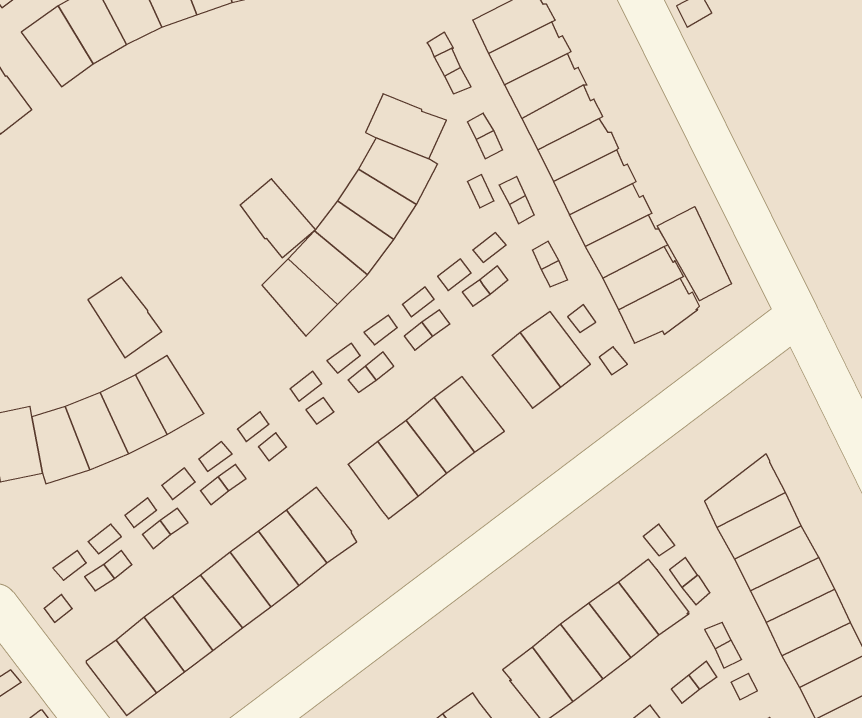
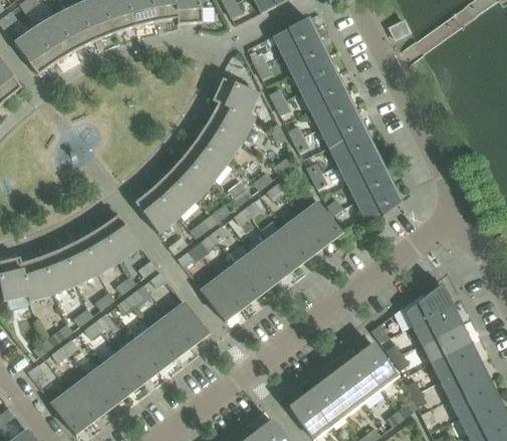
building: [240,179,316,258] -> [134,187,177,232]
building: [657,207,731,301] -> none
building: [88,277,162,358] -> [97,214,140,260]
building: none -> [266,227,306,270]

